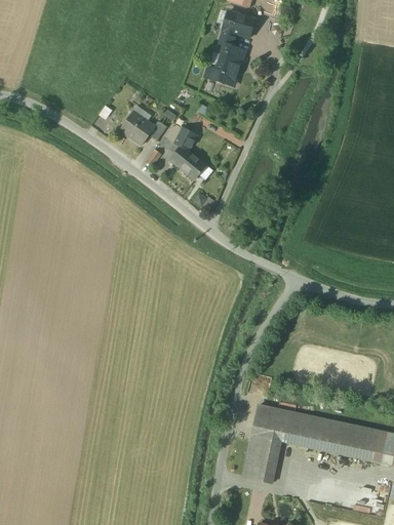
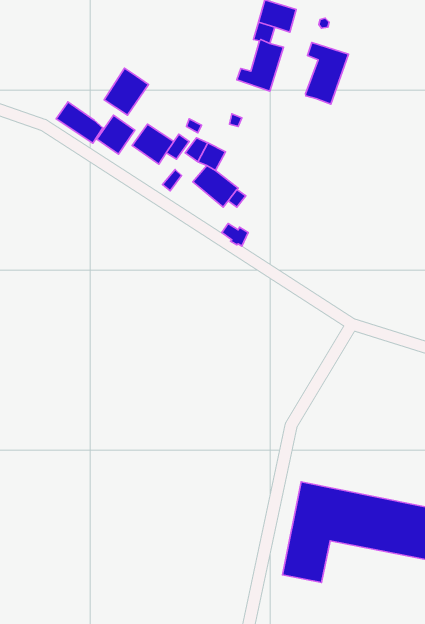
building: none -> [305,42,348,104]
building: none -> [104,68,149,115]
building: none -> [56,102,103,143]

